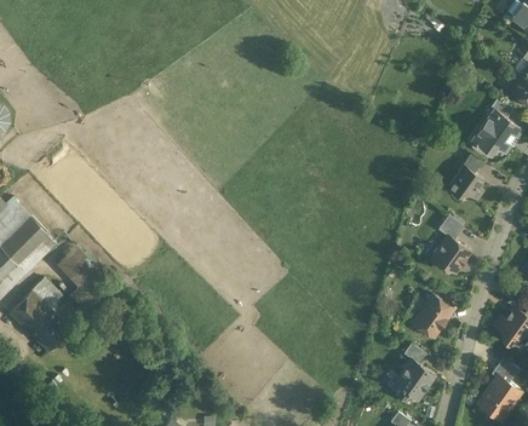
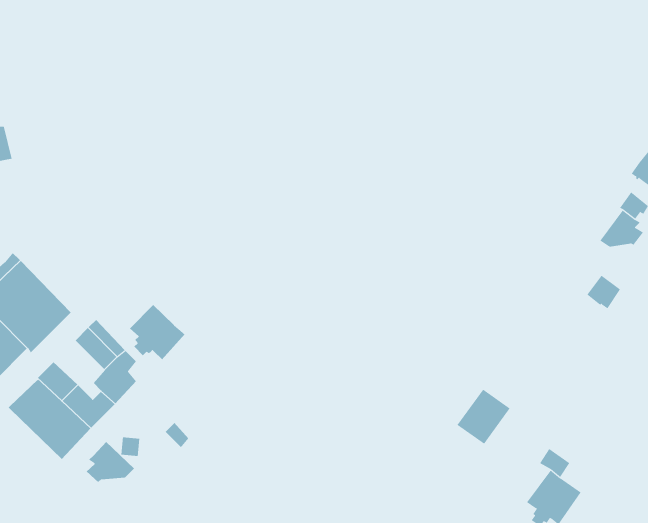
building: none -> [129,304,186,360]
building: [431,237,469,274] -> none
building: [412,297,452,338] -> [457,389,511,444]
building: none -> [86,441,135,483]

